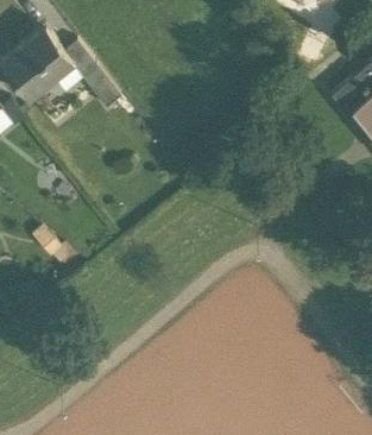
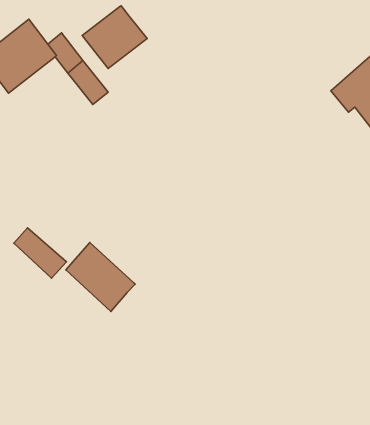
building: none -> [82,6,147,68]
building: none -> [66,242,135,312]

